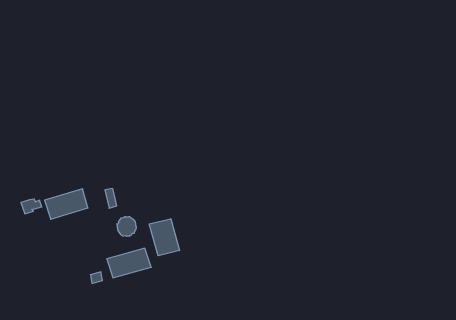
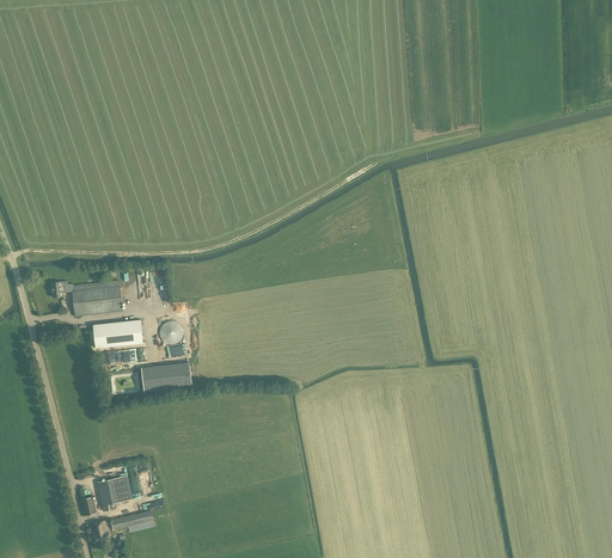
building: [149,219,180,256] -> none
building: none -> [92,319,142,348]

